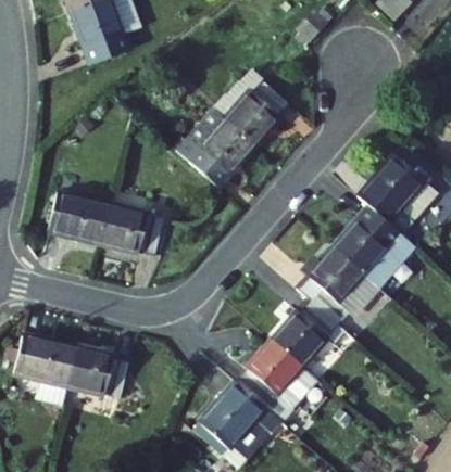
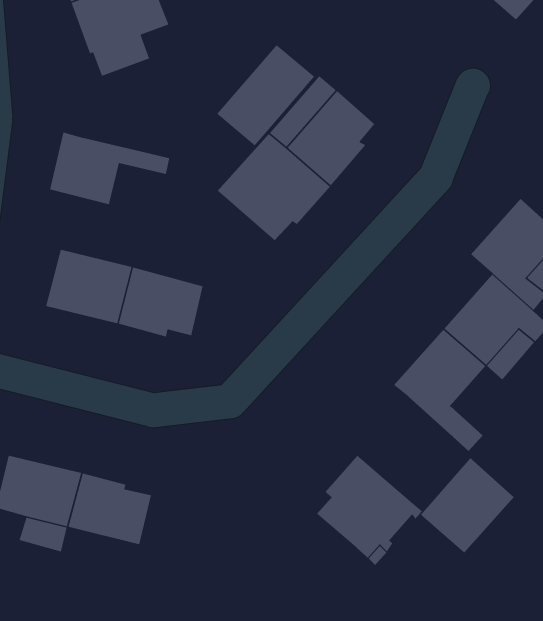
building: none -> [216,44,315,146]
building: none -> [49,131,170,205]
building: [276,296,346,367] -> [420,457,515,553]
building: [206,379,275,448] -> none

